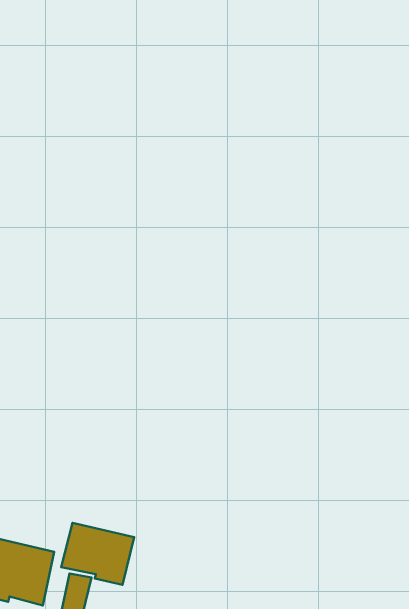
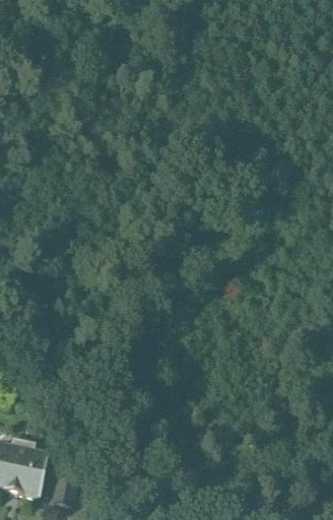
building: [61,523,134,585] -> none

